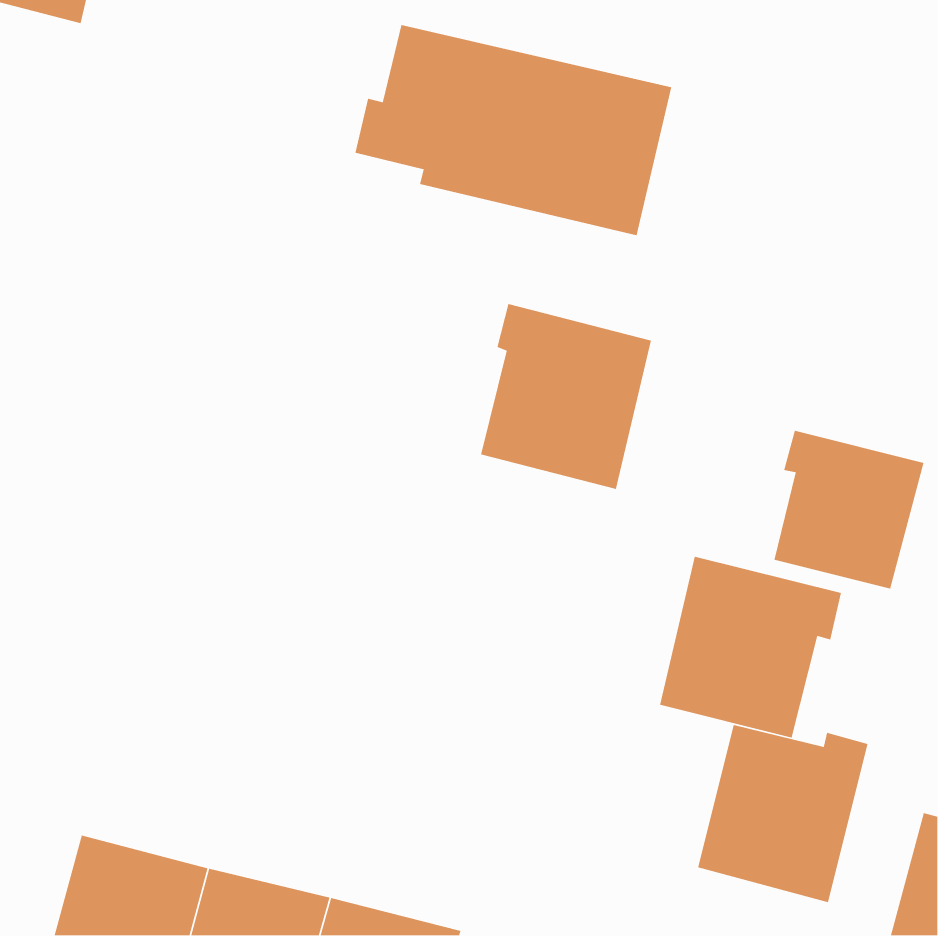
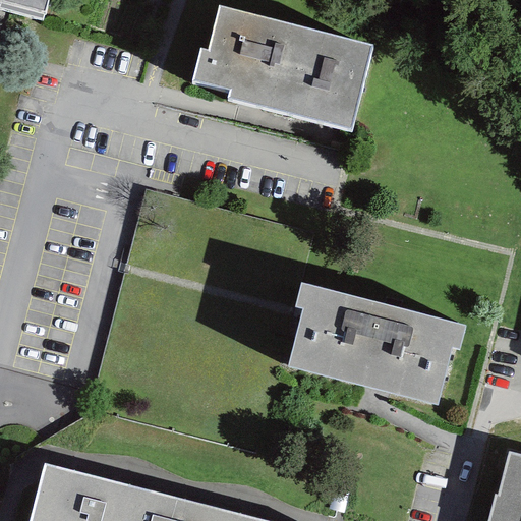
building: [480,303,652,490] -> [288,286,383,389]
building: [774,430,925,589] -> none
building: [697,724,869,903] -> none

